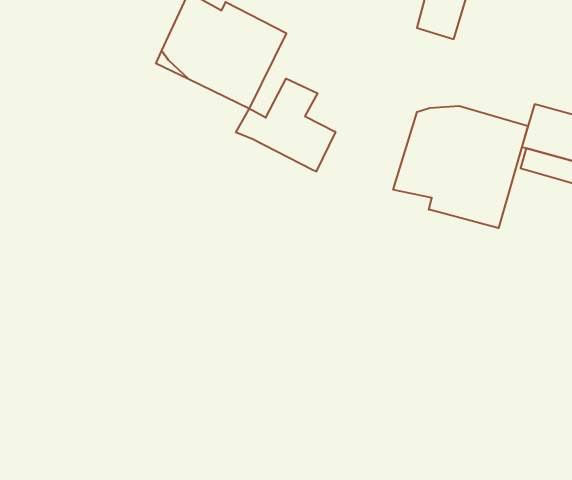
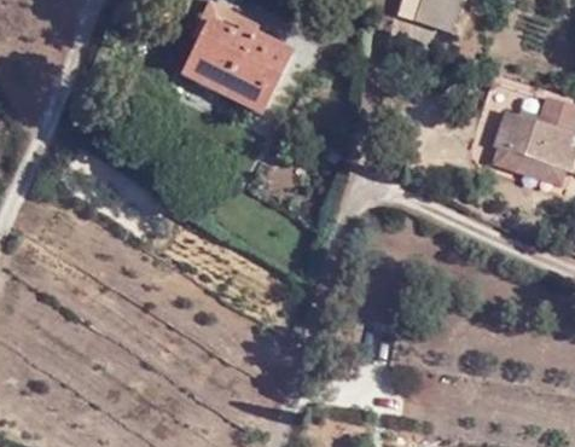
building: [236,79,335,172] -> none
building: [393,106,528,228] -> none

